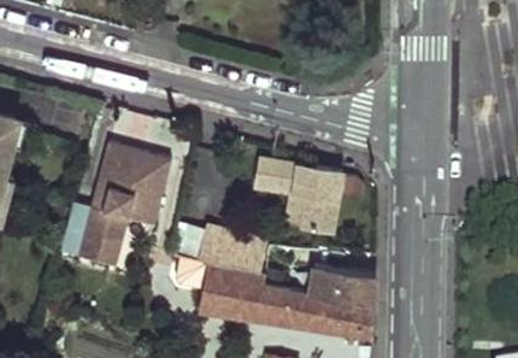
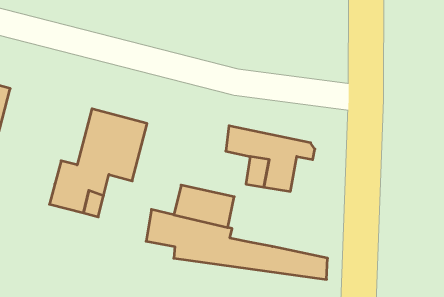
building: [314,269,377,311] -> none

